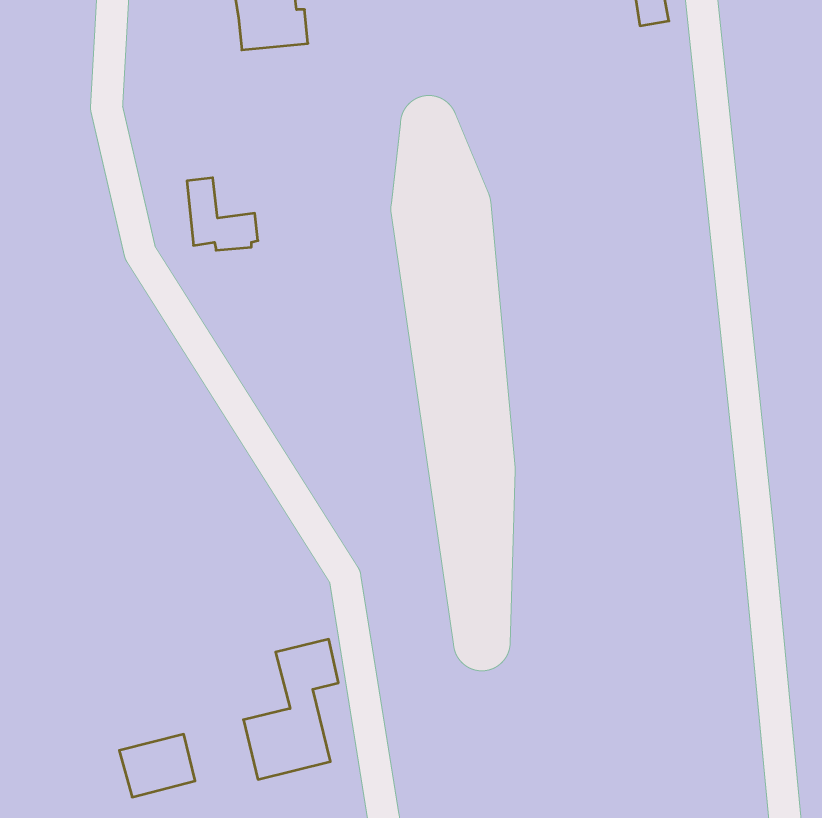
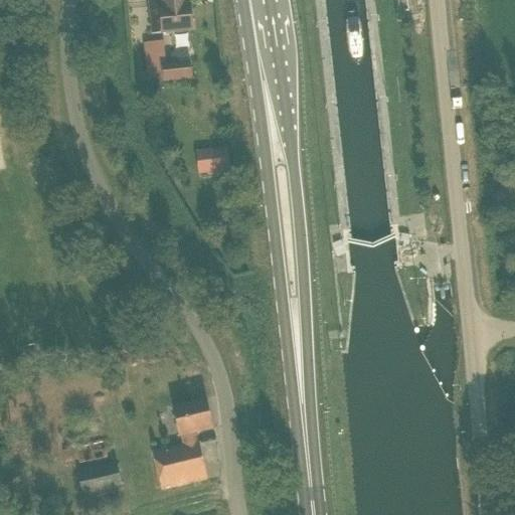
building: [187,178,258,250] -> [148,38,192,83]
building: none -> [198,148,228,172]

